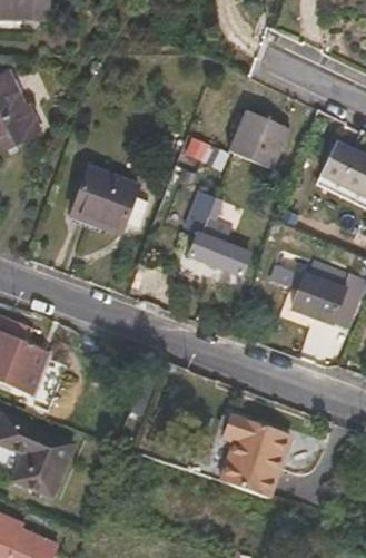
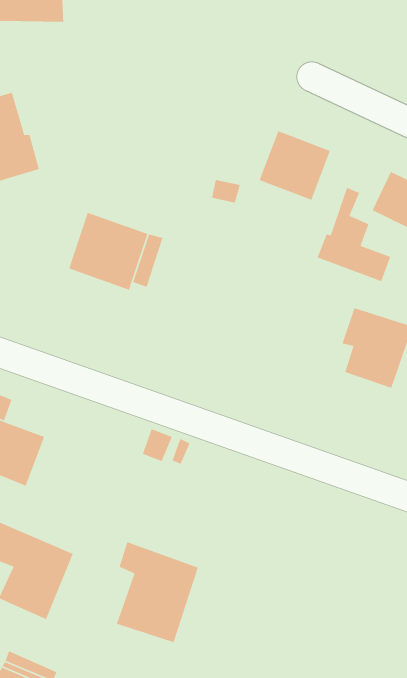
building: [186,196,247,274] -> [317,187,391,282]
building: [225,415,293,499] -> [116,541,199,643]

